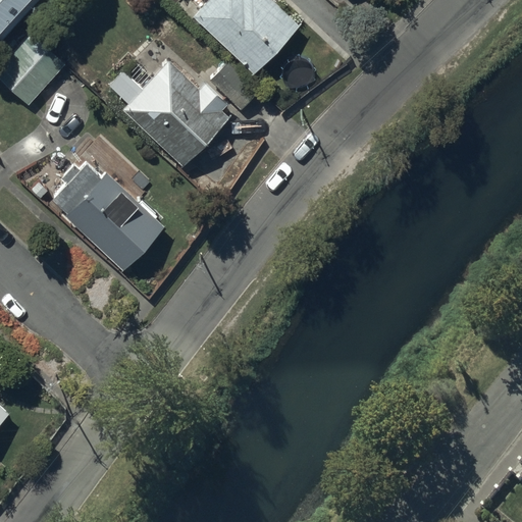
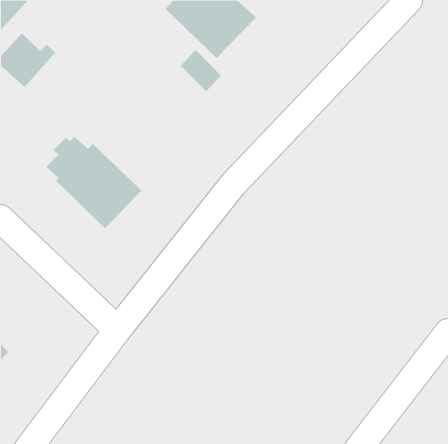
building: [110,60,229,165] -> none

